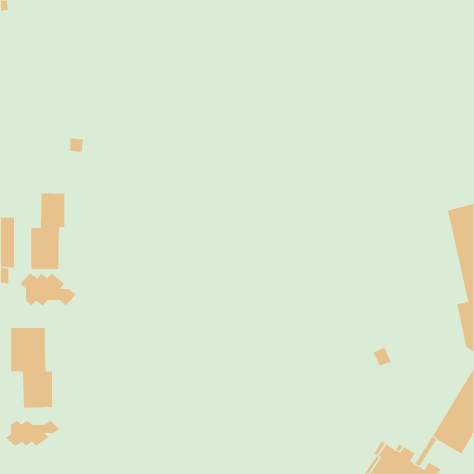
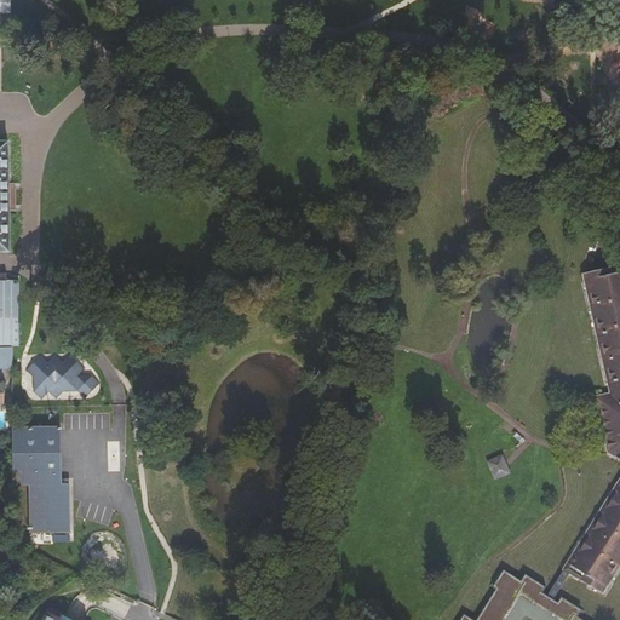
building: [31,192,65,270] -> none
building: [5,420,60,446] -> none

